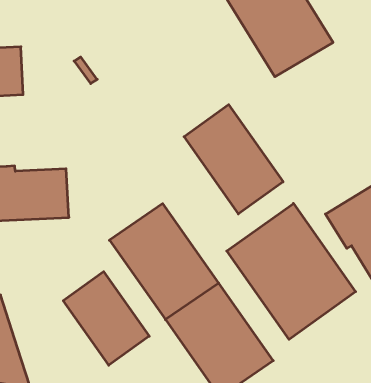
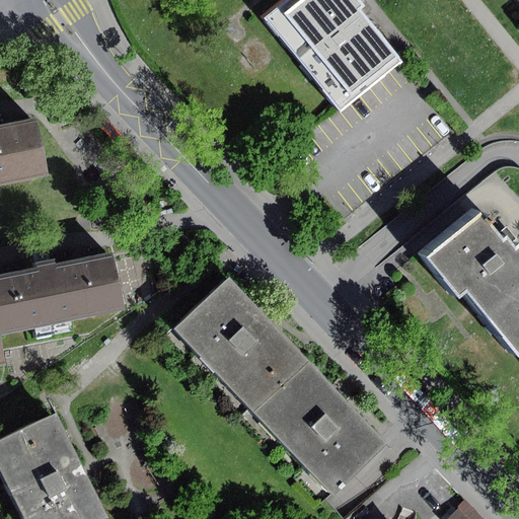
building: [184,105,283,214] -> none
building: [227,203,356,339] -> none
building: [63,272,149,365] -> none

